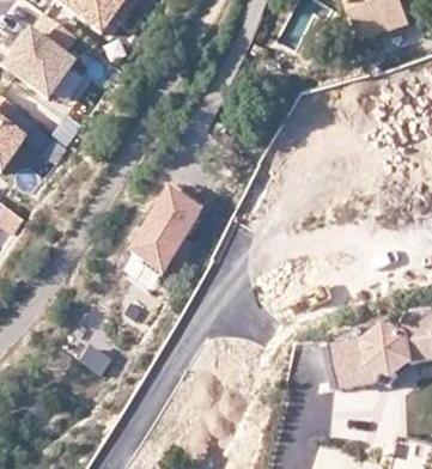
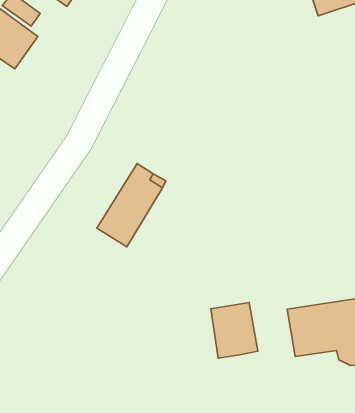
building: none -> [211,302,258,358]

